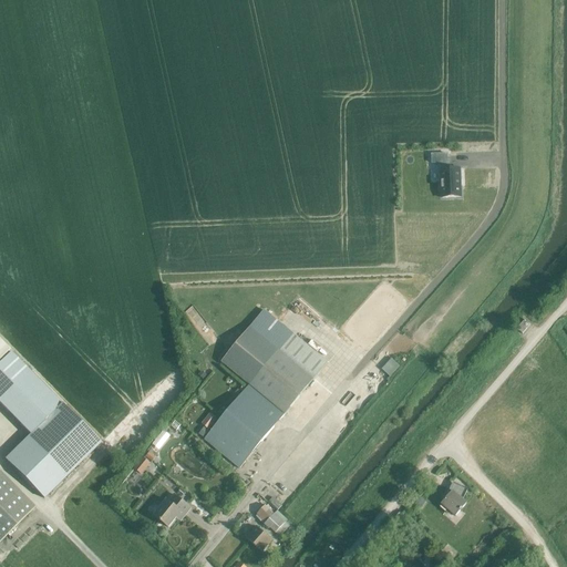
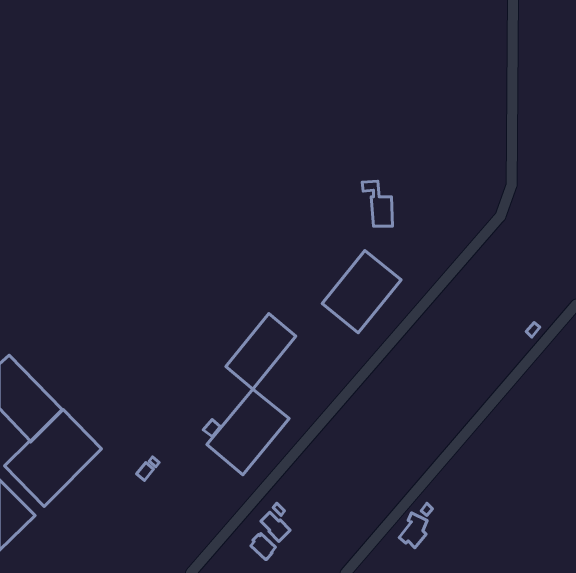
building: [430,151,460,195] -> [362,181,393,226]
building: [248,330,326,411] -> [322,251,401,333]
building: [439,480,466,514] -> [399,513,427,548]
building: [154,493,190,526] -> none

